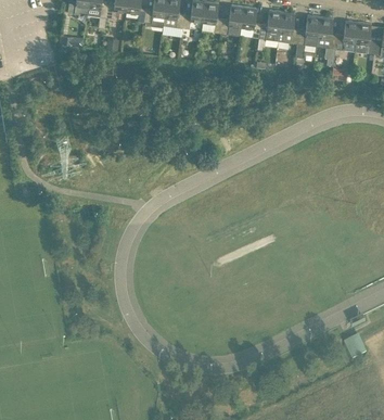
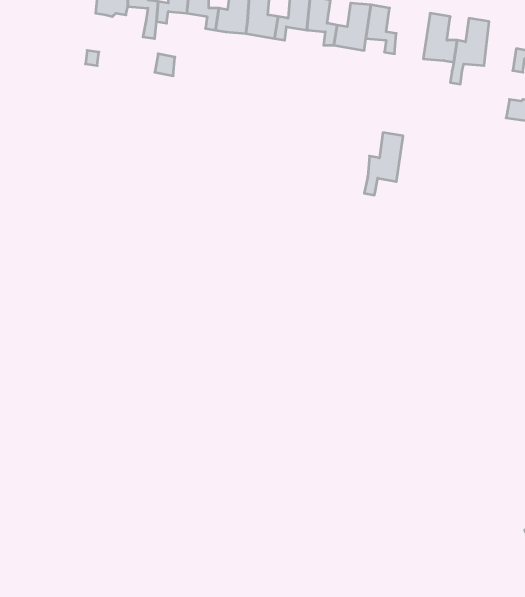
building: [258,9,283,49] -> [364,133,403,195]
building: [318,16,338,64] -> none

